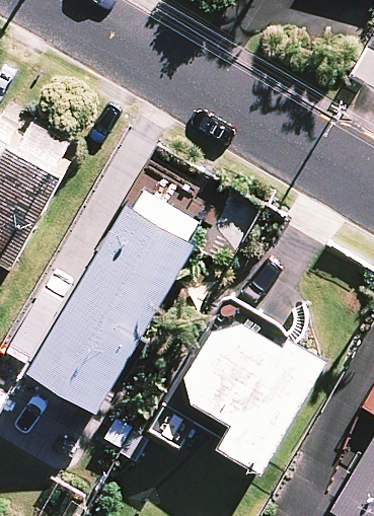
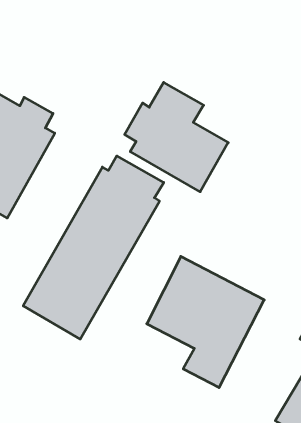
building: none -> [125,82,228,192]

